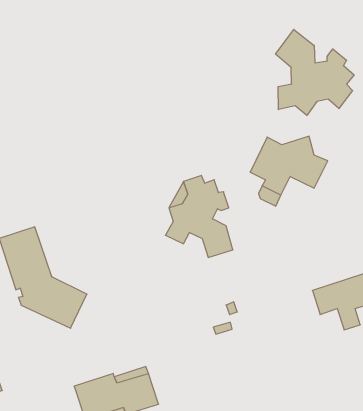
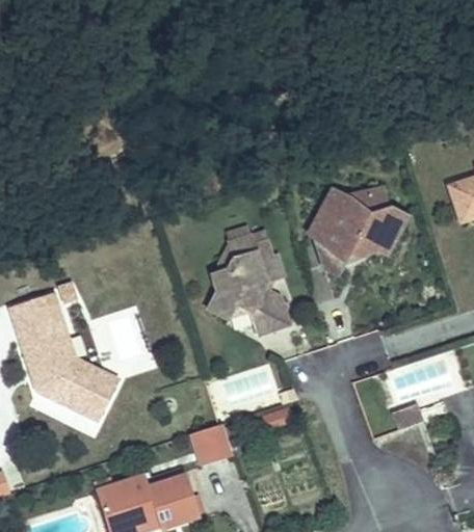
building: [276,29,354,115] -> none
building: none -> [190,422,229,466]

